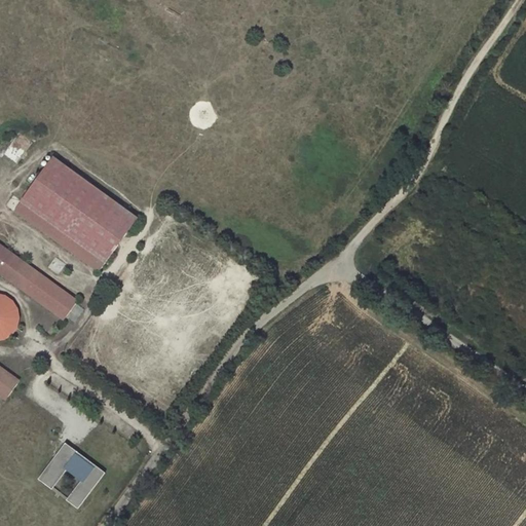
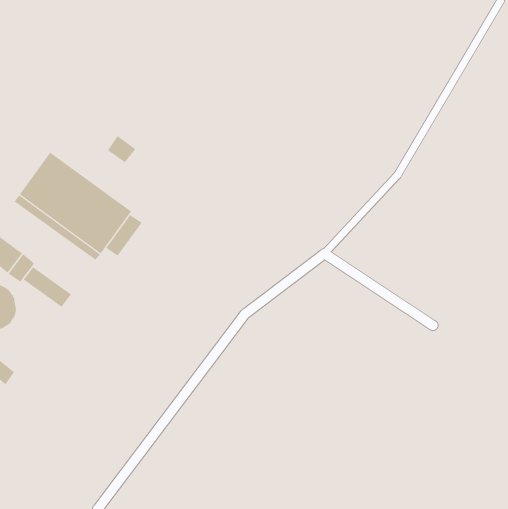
building: none -> [107,135,136,163]
building: none -> [105,214,142,256]
building: [36,441,103,508] -> none

